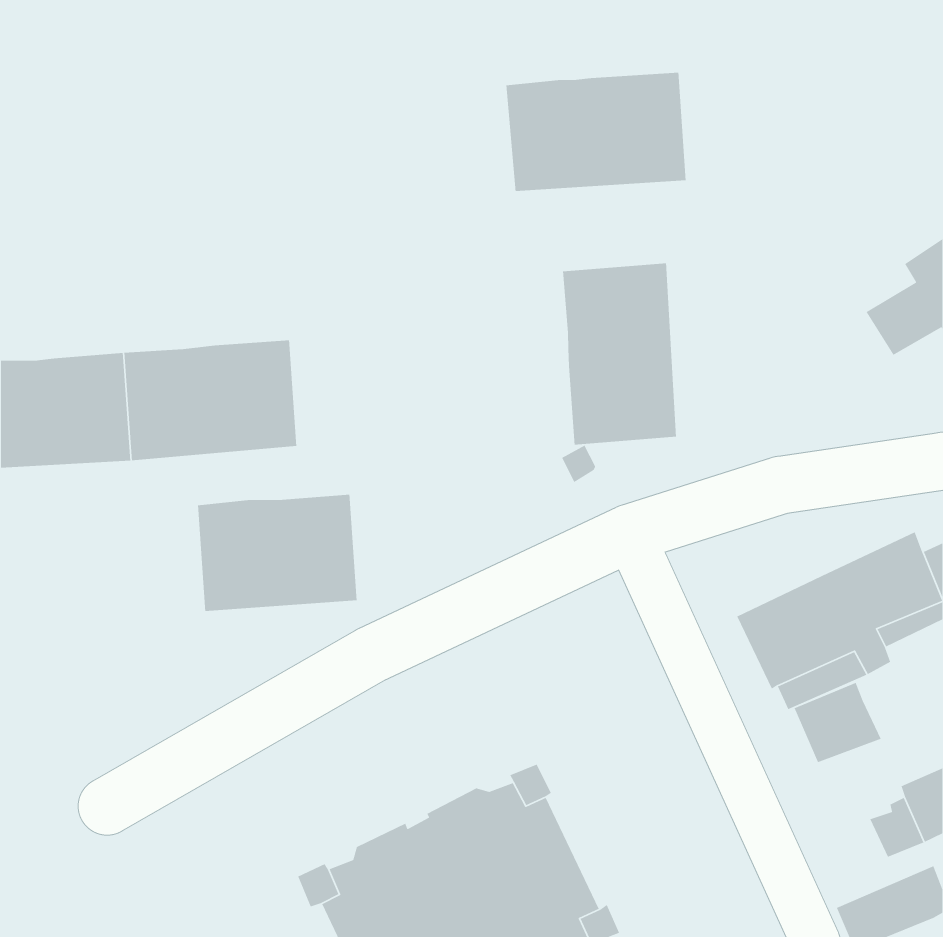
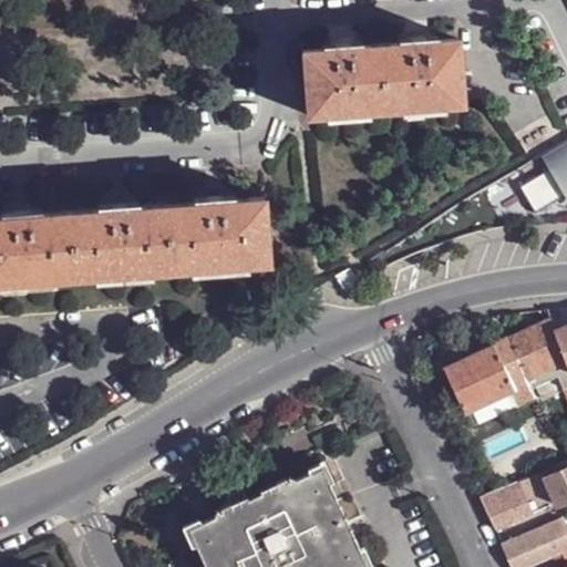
building: none -> [408,42,465,112]
building: [562,263,677,445] -> none
building: [197,494,358,612] -> [174,200,270,271]
building: [793,682,882,763] -> [480,484,533,533]

